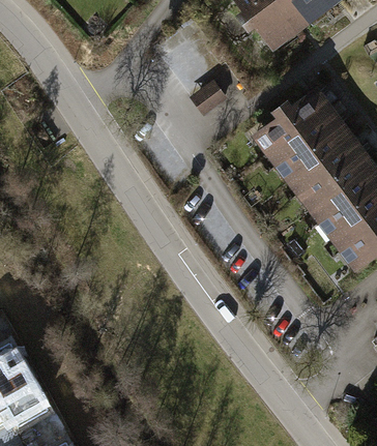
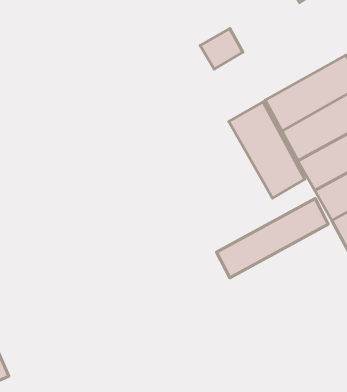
building: none -> [229,102,305,198]
building: none -> [217,198,328,278]

